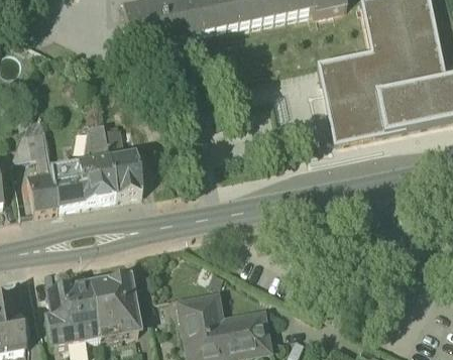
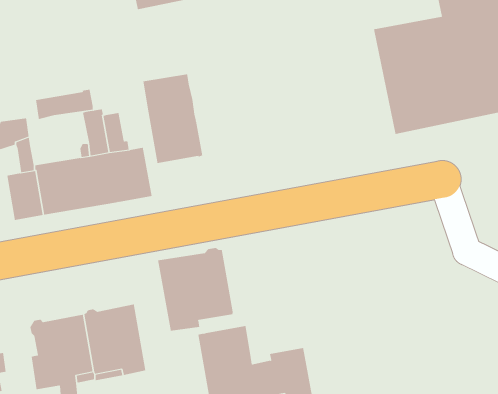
building: none -> [143,73,203,164]
building: none -> [36,89,93,120]
building: none -> [158,247,233,332]

